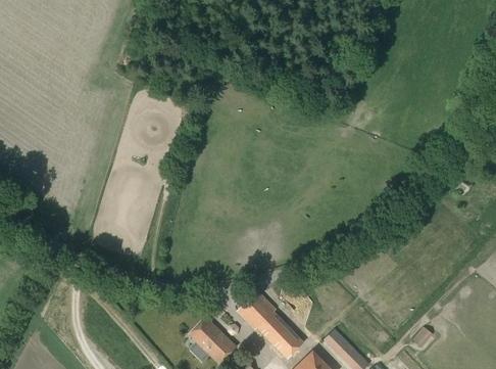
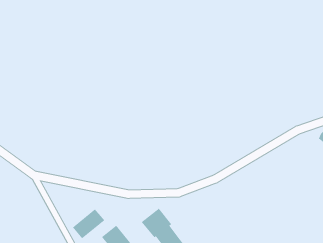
building: none -> [72,208,105,239]

